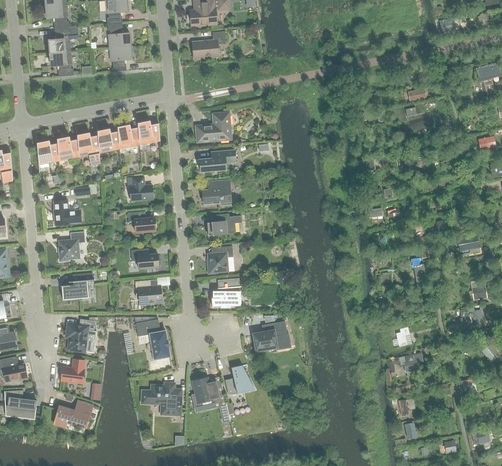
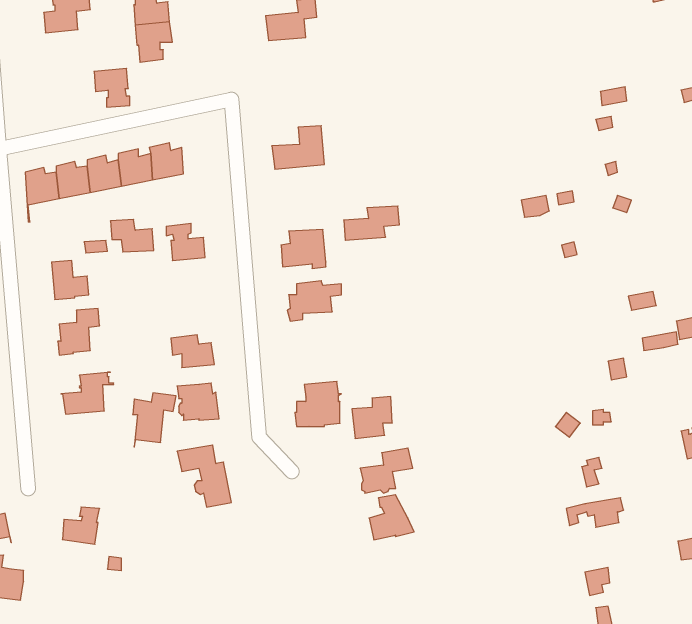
building: [50,51,73,76] -> [94,68,130,107]
building: [137,120,161,151] -> none
building: [199,150,235,172] -> [344,206,399,240]
building: [127,211,155,232] -> [110,219,154,252]
building: [207,246,233,273] -> [352,397,392,438]
building: [67,319,95,354] -> [133,393,176,447]
building: [225,365,254,394] -> [369,495,414,540]
building: [192,377,225,411] -> none
building: [142,383,181,414] -> none
building: [55,400,93,428] -> none

